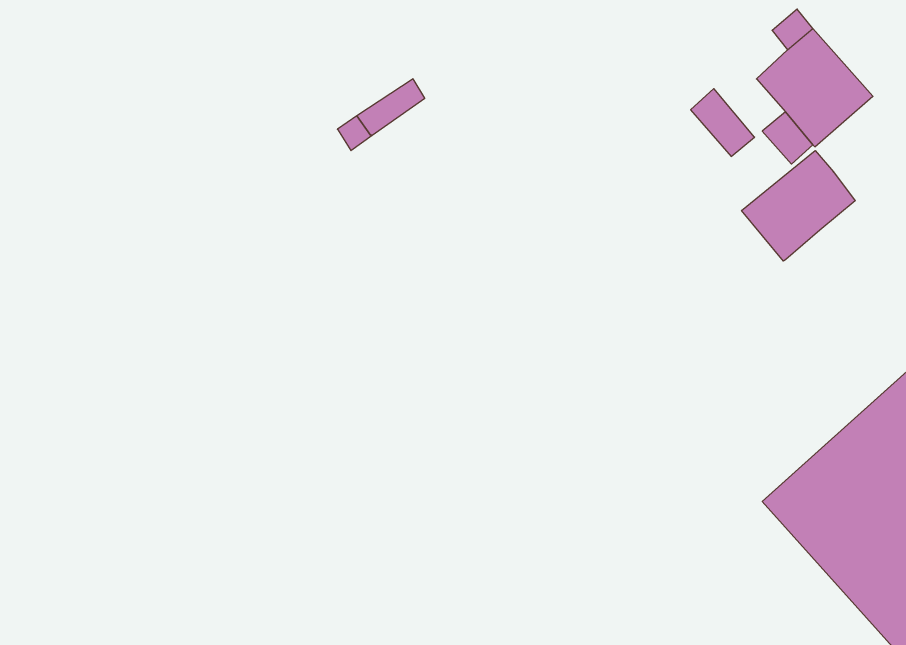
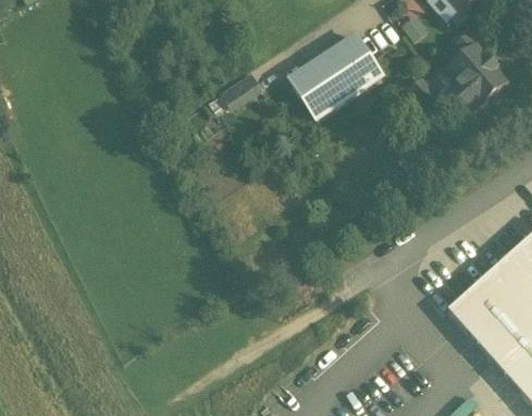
building: none -> [290,35,382,118]
building: [742,151,855,261] -> none

